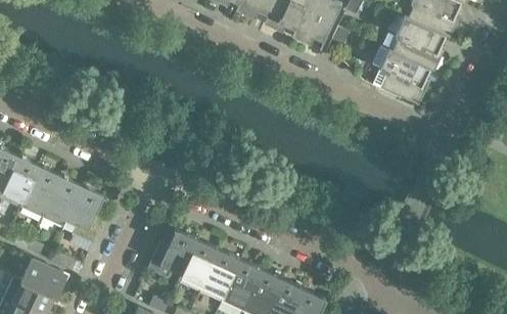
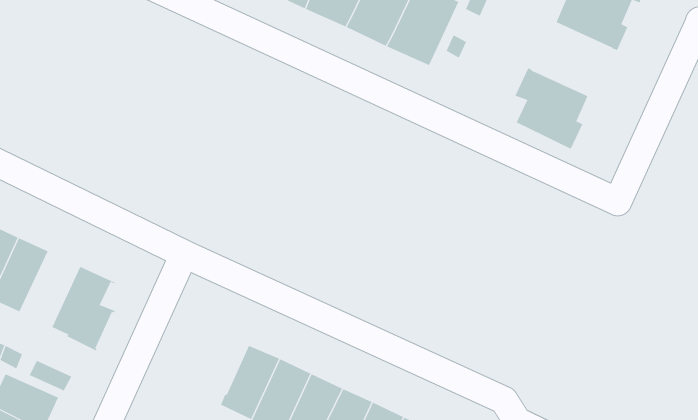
building: [391,15,446,72] -> none
building: [41,175,82,227] -> none
building: [146,228,197,277] -> none

